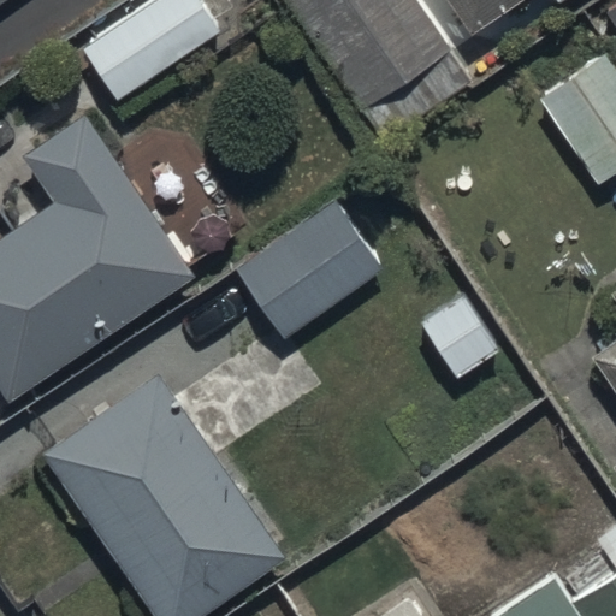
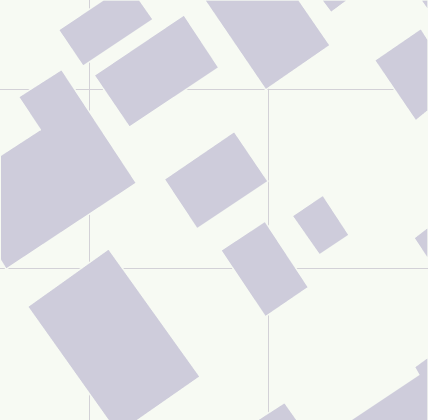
building: none -> [94,15,219,127]
building: none -> [221,221,309,317]

